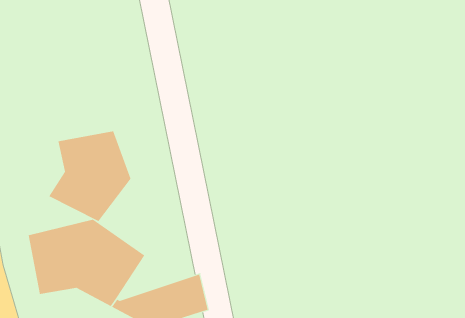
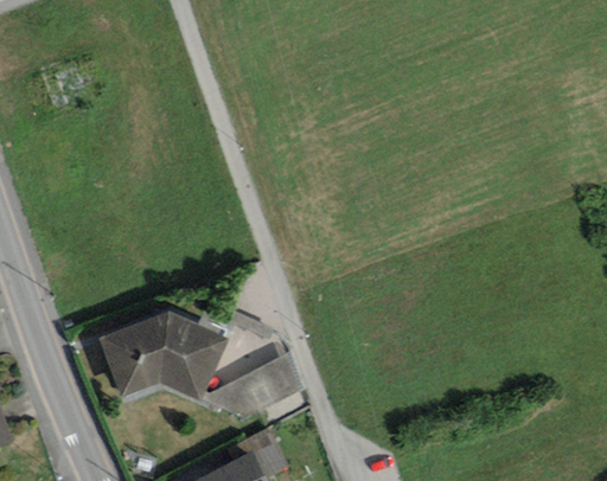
building: [48,131,131,222] -> none

